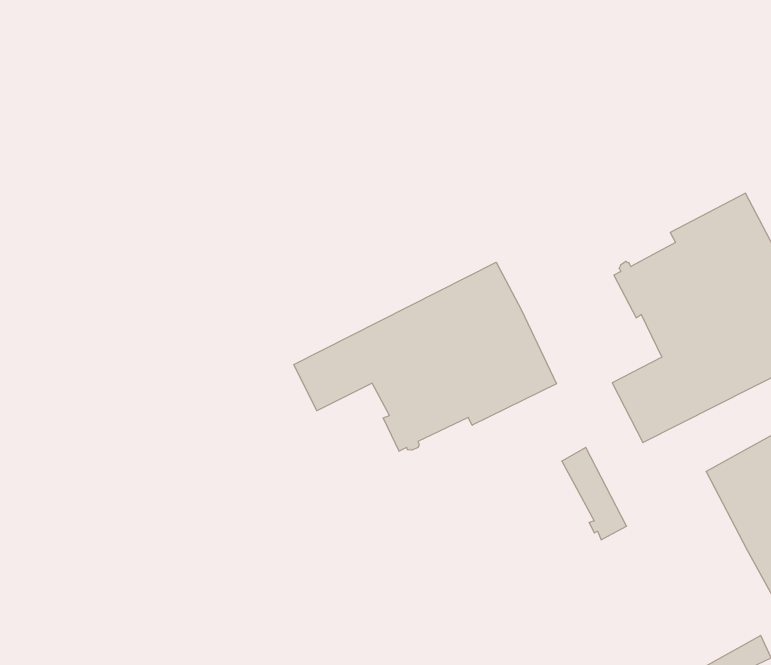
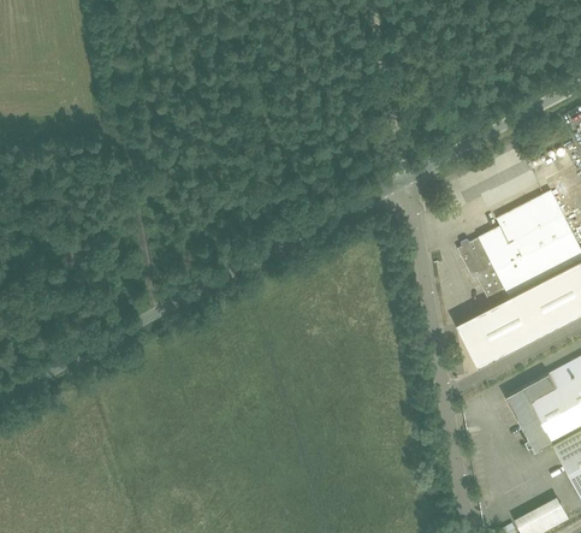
building: [294,262,556,451] -> none
building: [562,447,627,540] -> [506,387,552,452]

